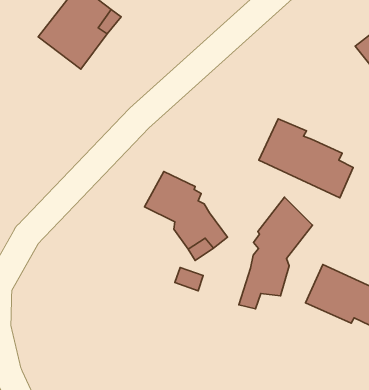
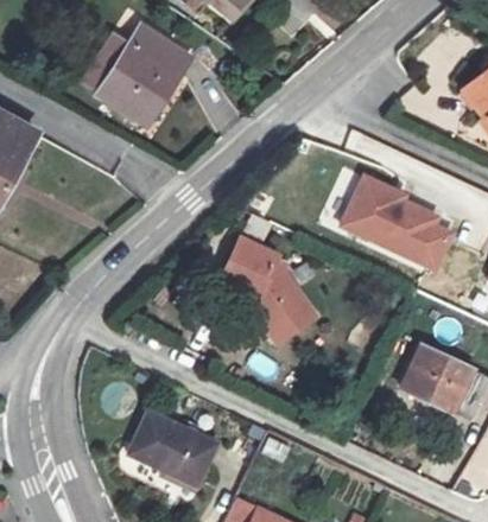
building: [239,197,312,309] -> none
building: none -> [122,409,216,490]

